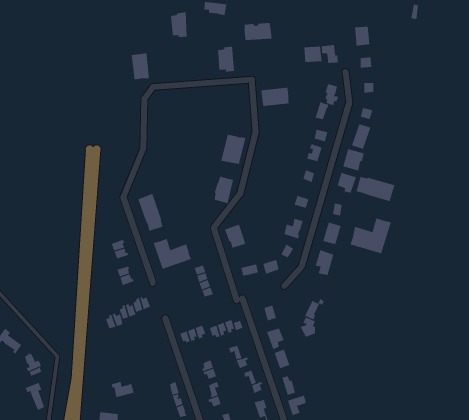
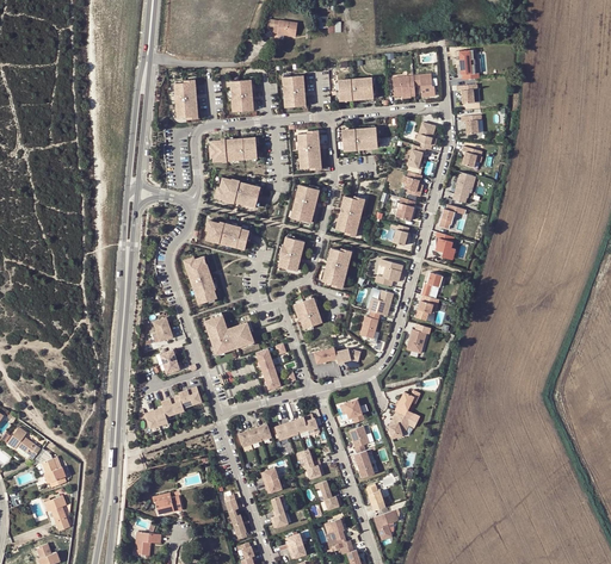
building: [170,12,187,38] -> [232,79,253,111]
building: [244,22,273,41] -> [334,78,370,100]
building: none -> [300,130,322,167]
building: none -> [214,137,259,161]
building: none -> [216,180,260,212]
building: none -> [333,196,365,234]
building: none -> [205,219,249,252]
building: [356,176,395,202] -> none
building: none -> [321,248,348,286]
building: [350,217,391,254] -> none

